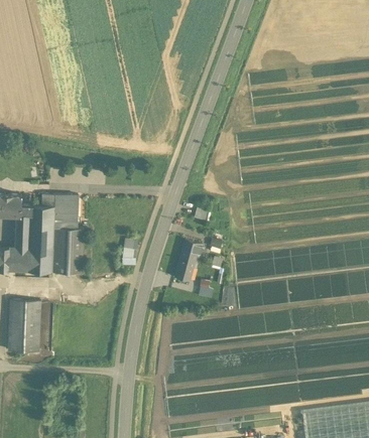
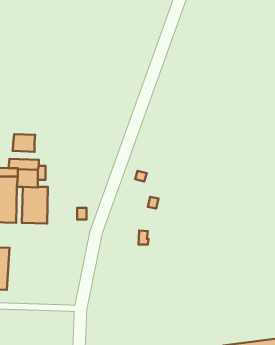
building: none -> [13,134,35,152]
building: [174,240,203,281] -> none

